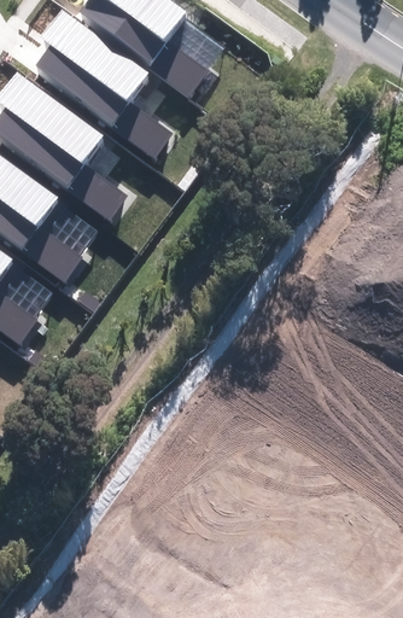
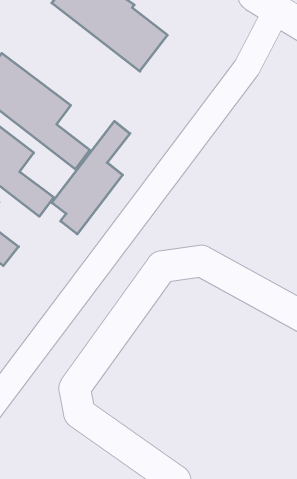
building: [36,10,174,157] -> none
building: none -> [52,121,130,234]

